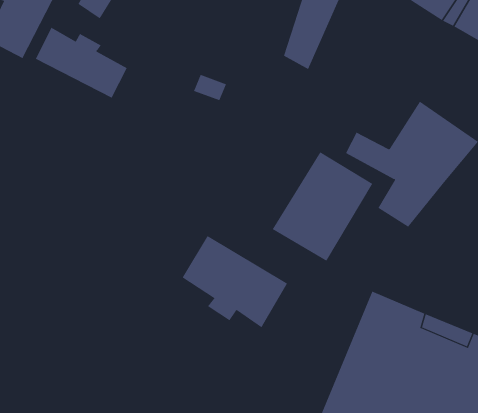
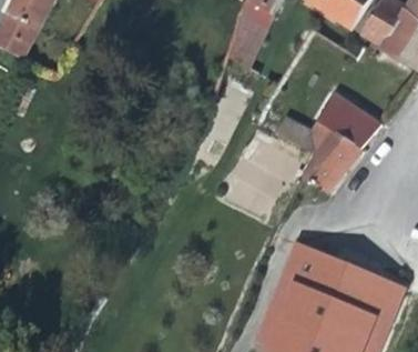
building: [35,27,128,99] -> none
building: [182,235,288,328] -> none

